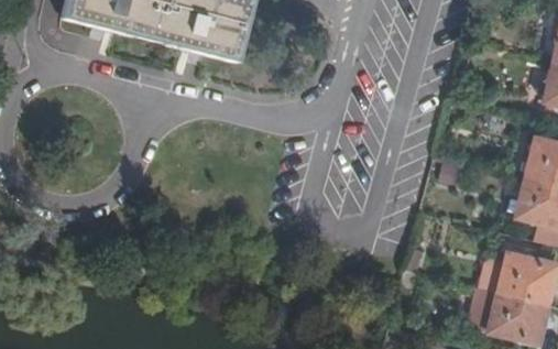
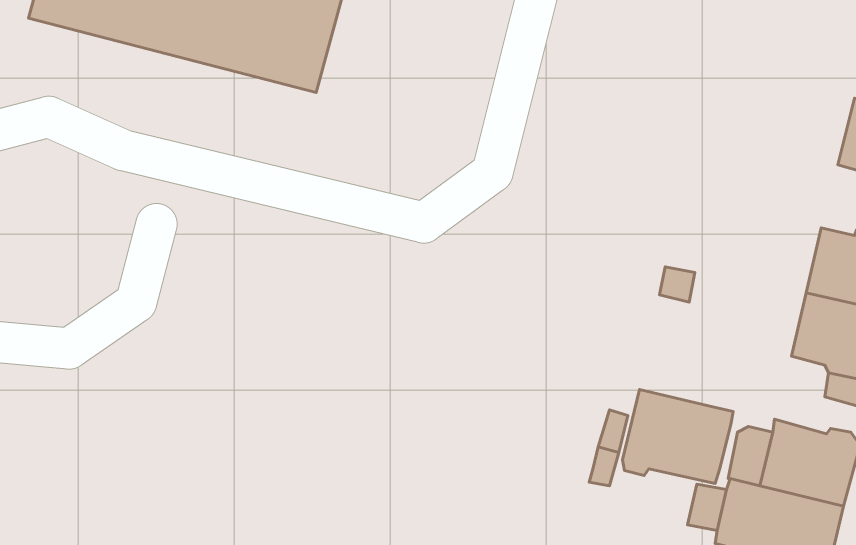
building: none -> [622,390,733,484]

